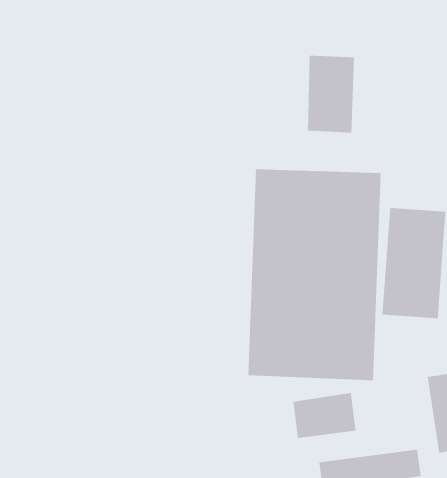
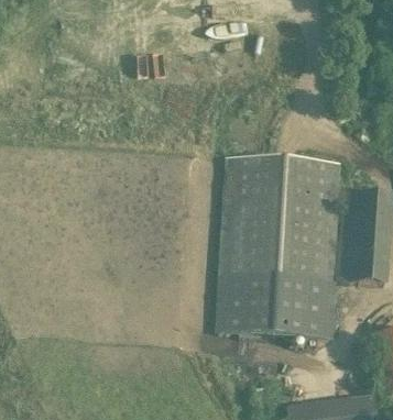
building: [308,55,355,133] -> none
building: [293,392,356,439] -> none

